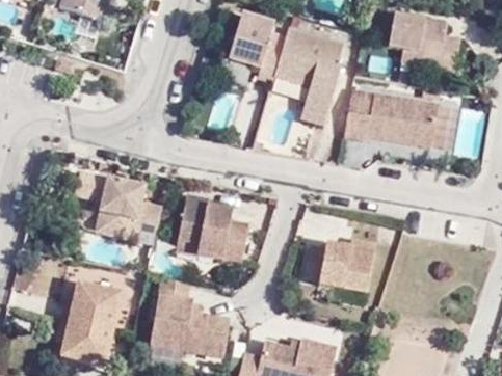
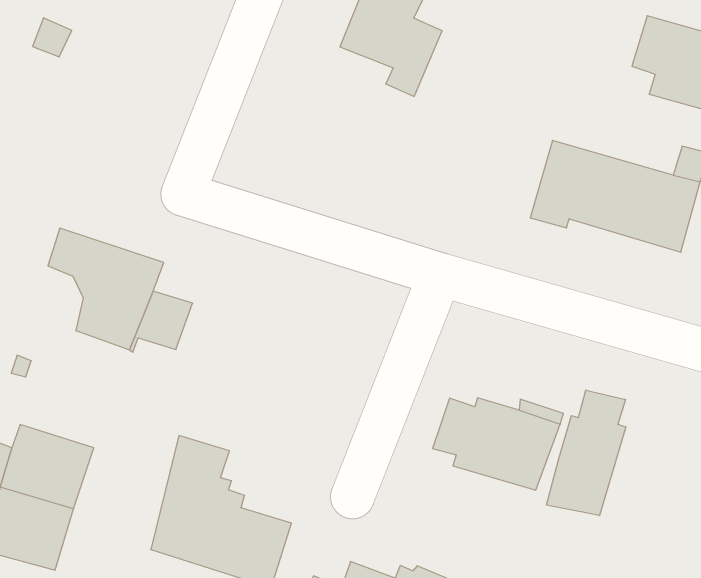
building: [272,26,341,119] -> none
building: [179,195,248,262] -> none
building: none -> [547,390,626,516]

